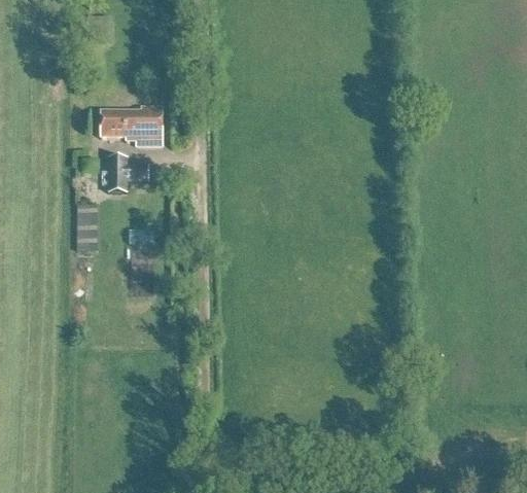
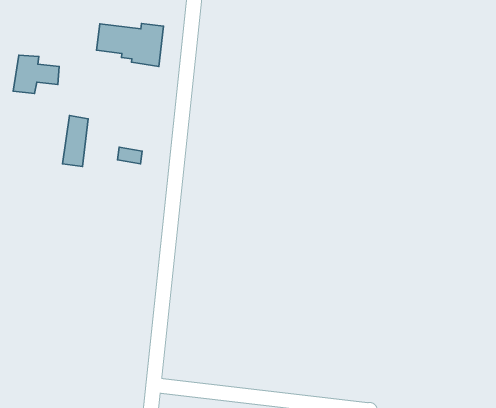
building: [105,155,147,191] -> [13,55,59,94]

